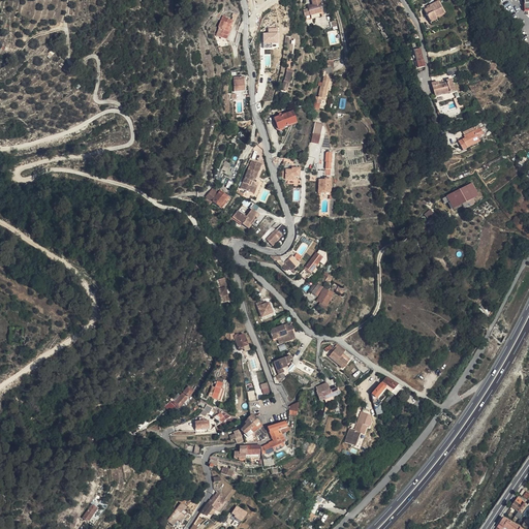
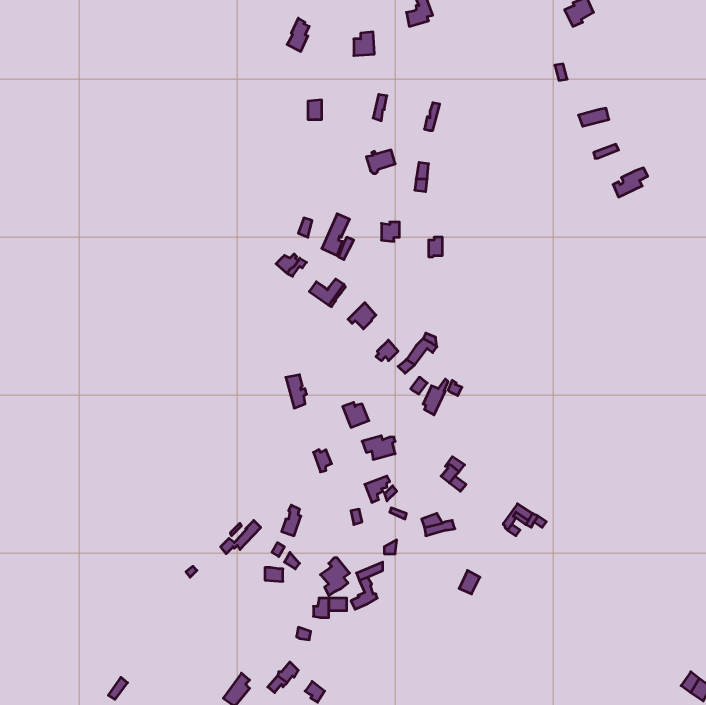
building: [444,179,481,205] -> none

